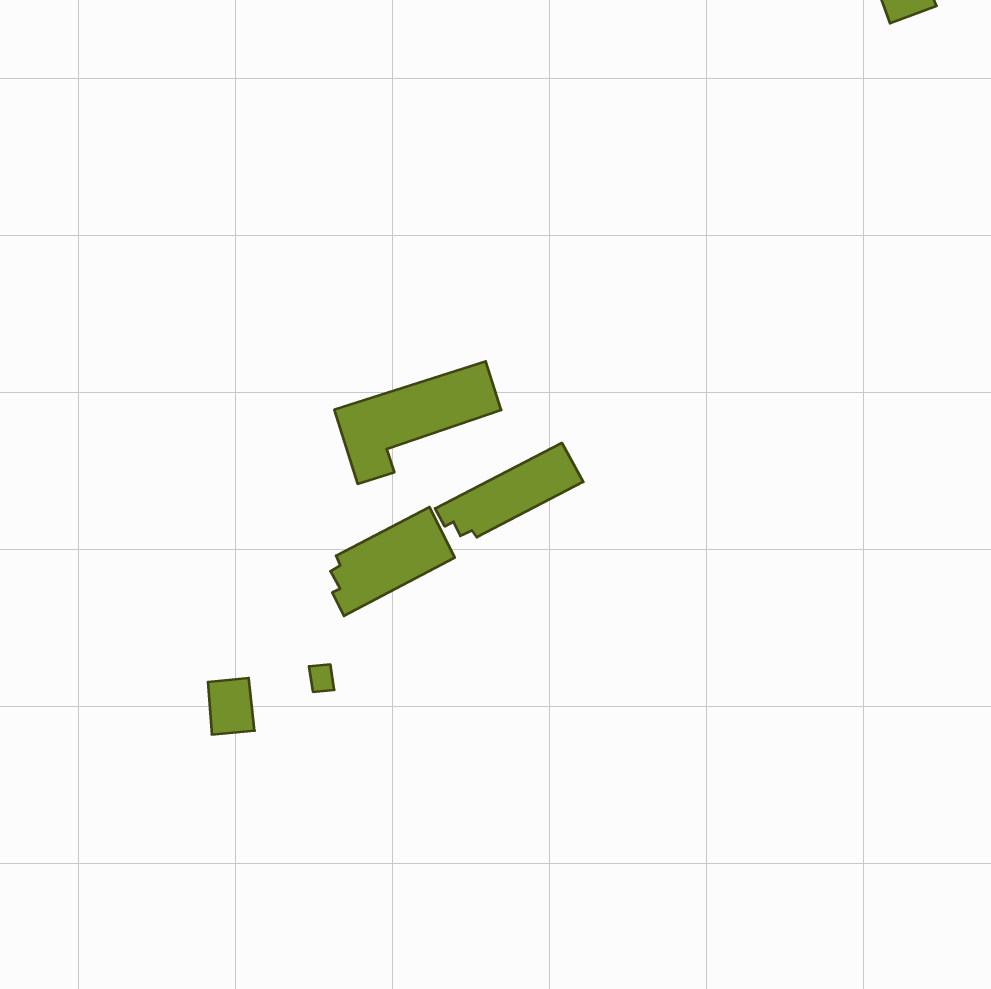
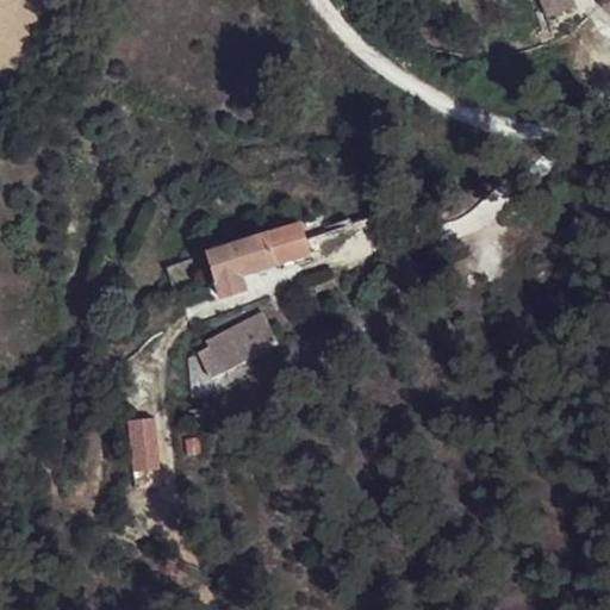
building: [435,443,583,537] -> none

